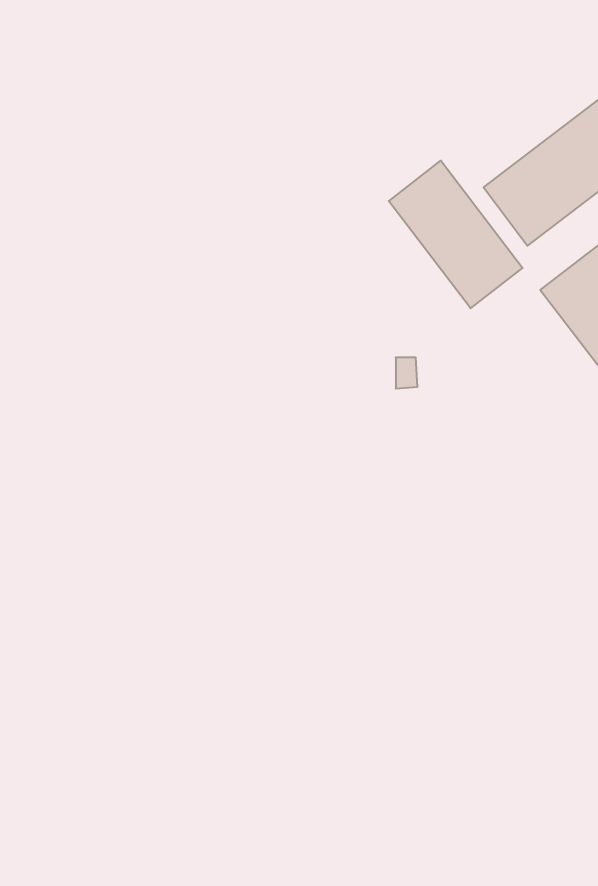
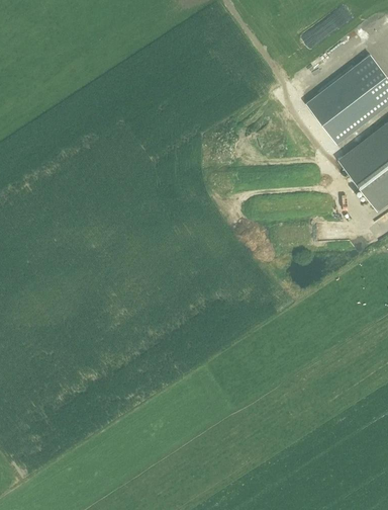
building: [389,161,523,308] -> none

